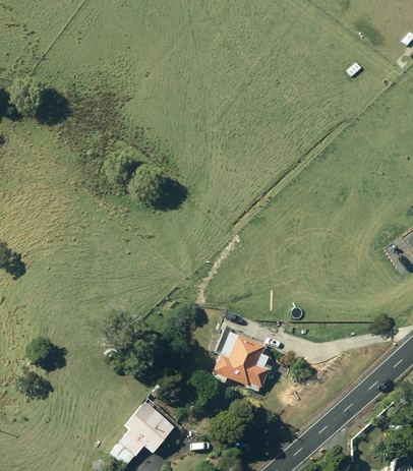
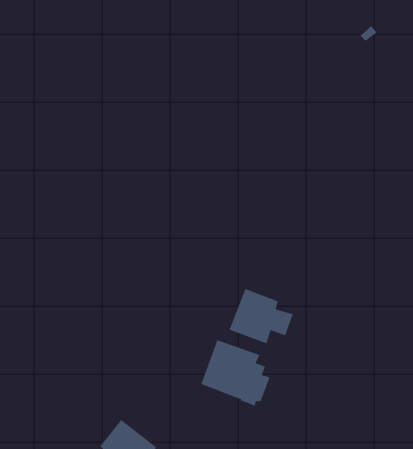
building: none -> [229,288,293,344]

